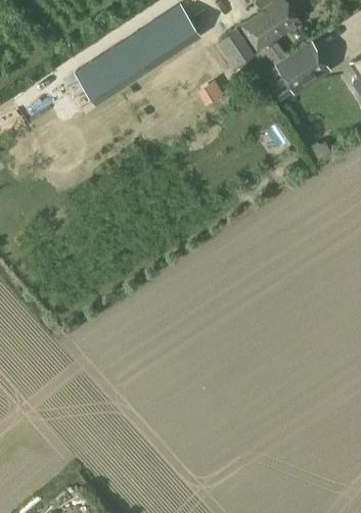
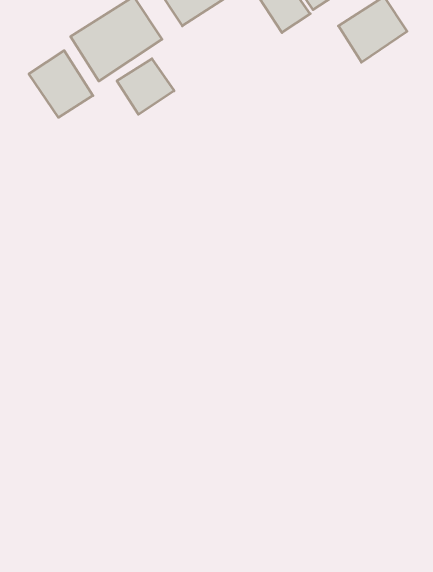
building: none -> [29,51,93,117]
building: none -> [117,59,174,114]

